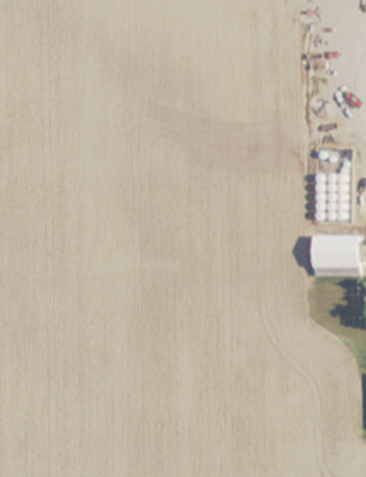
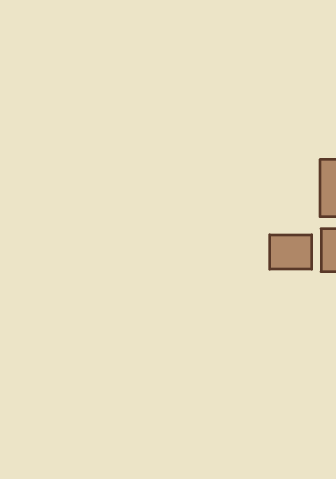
building: none -> [270,235,312,269]

